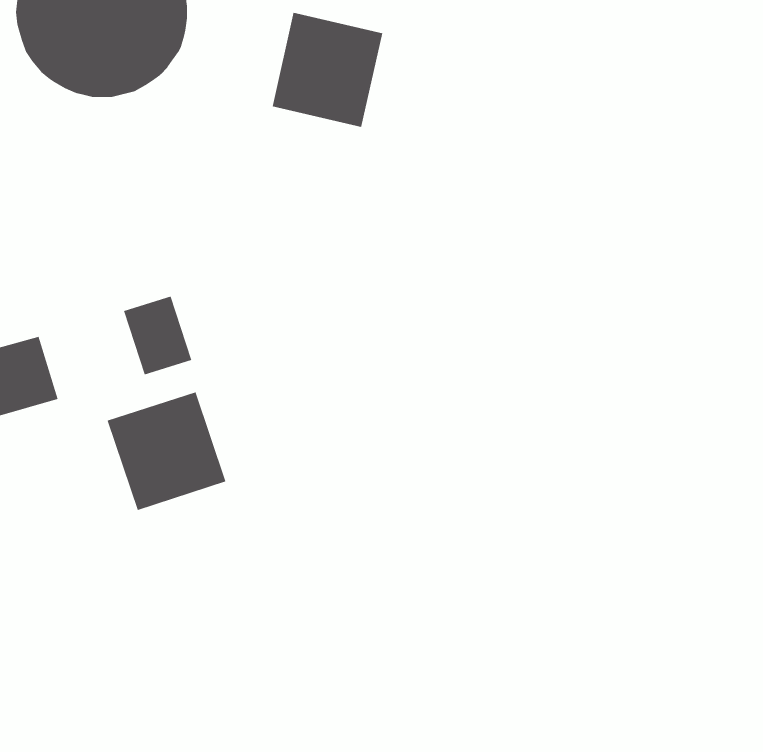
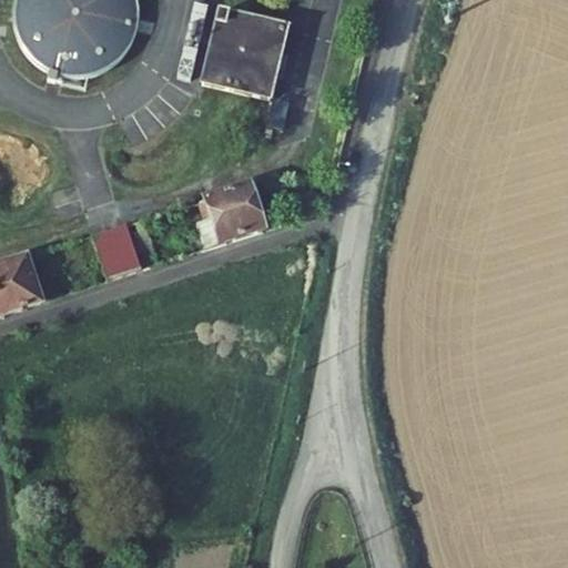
building: none -> [205,183,272,246]
building: [107,391,226,511] -> none

